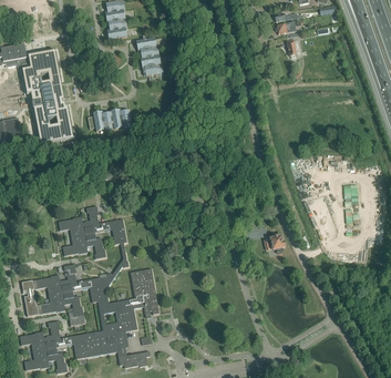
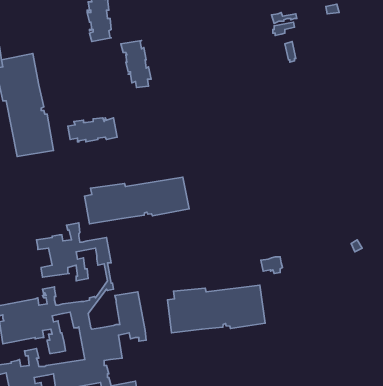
building: none -> [85,177,189,224]
building: none -> [168,285,265,333]

